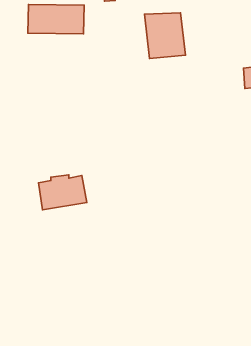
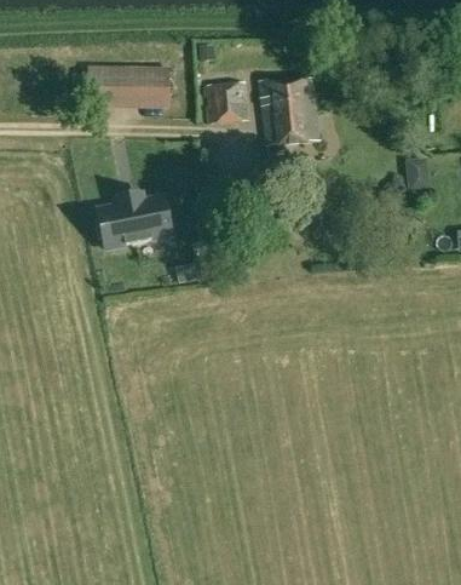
building: none -> [206,79,250,122]
building: [39,175,87,210] -> [99,195,171,247]

